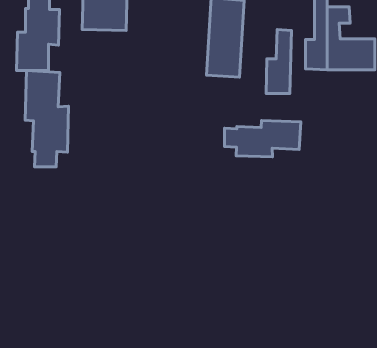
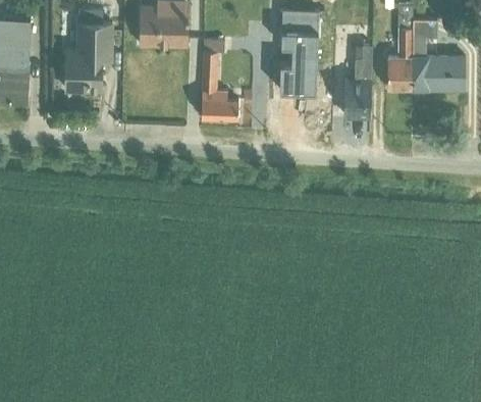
building: none -> [201,40,238,119]
building: [25,71,69,167] -> none
building: [224,120,301,157] -> none

